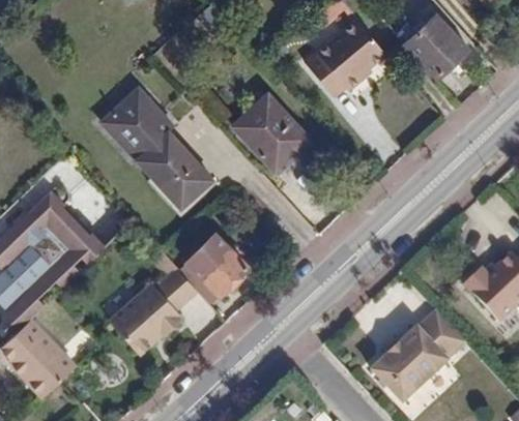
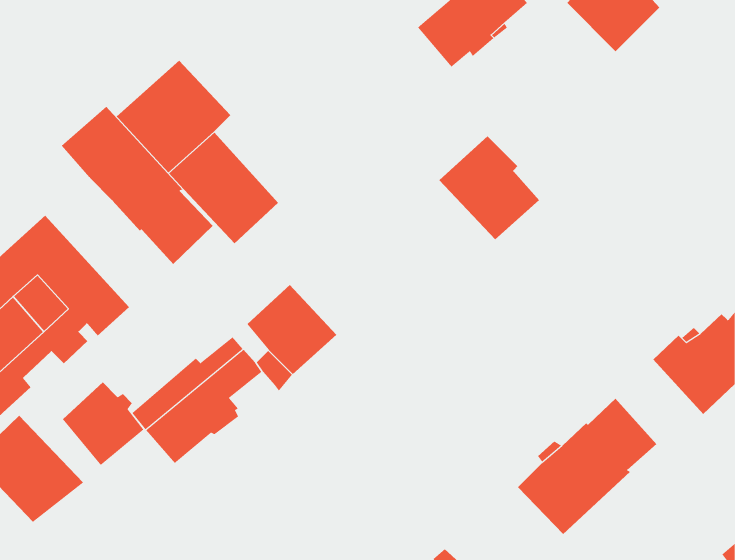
building: [232,97,300,168] -> [438,136,540,240]
building: none -> [61,106,213,265]
building: none -> [62,381,144,466]

